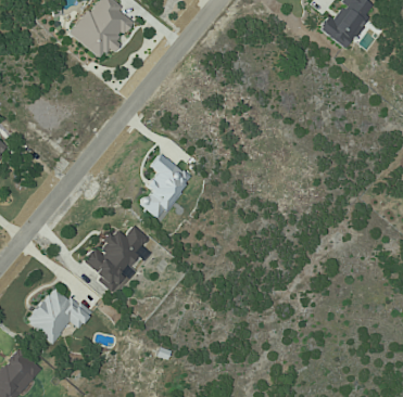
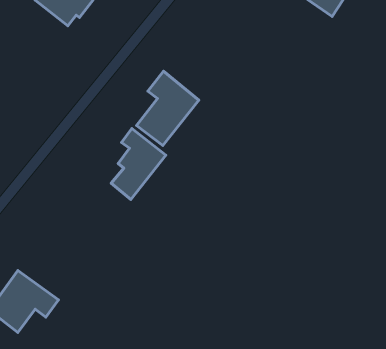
building: none -> [137,71,199,145]
building: [81,226,148,290] -> none

